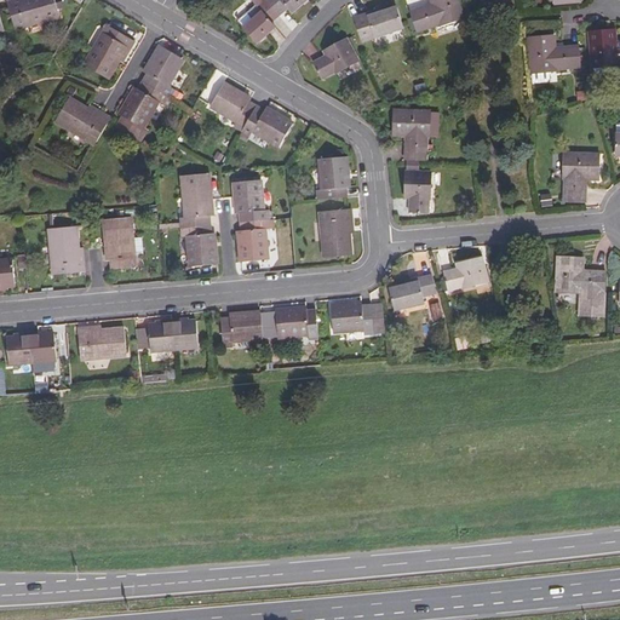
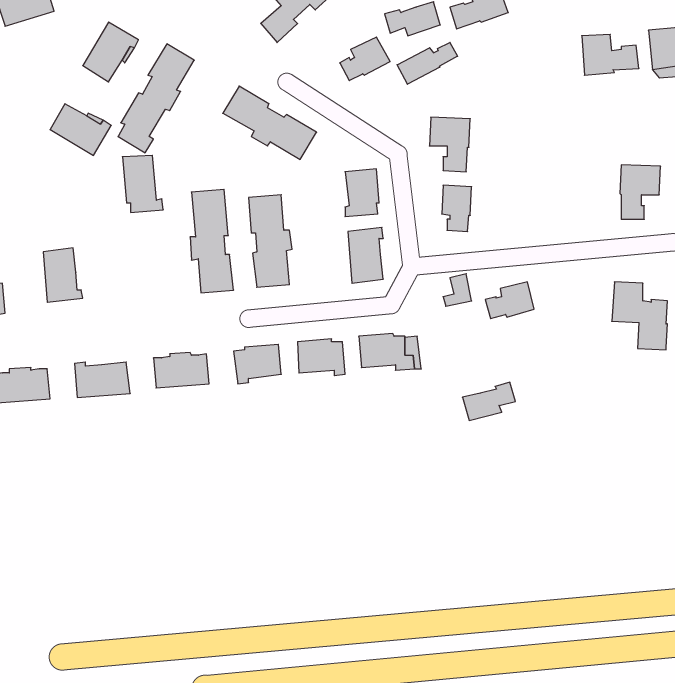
building: none -> [397,42,458,84]
building: [103,217,139,268] -> [122,155,163,212]
building: [388,275,435,309] -> [462,382,515,420]

